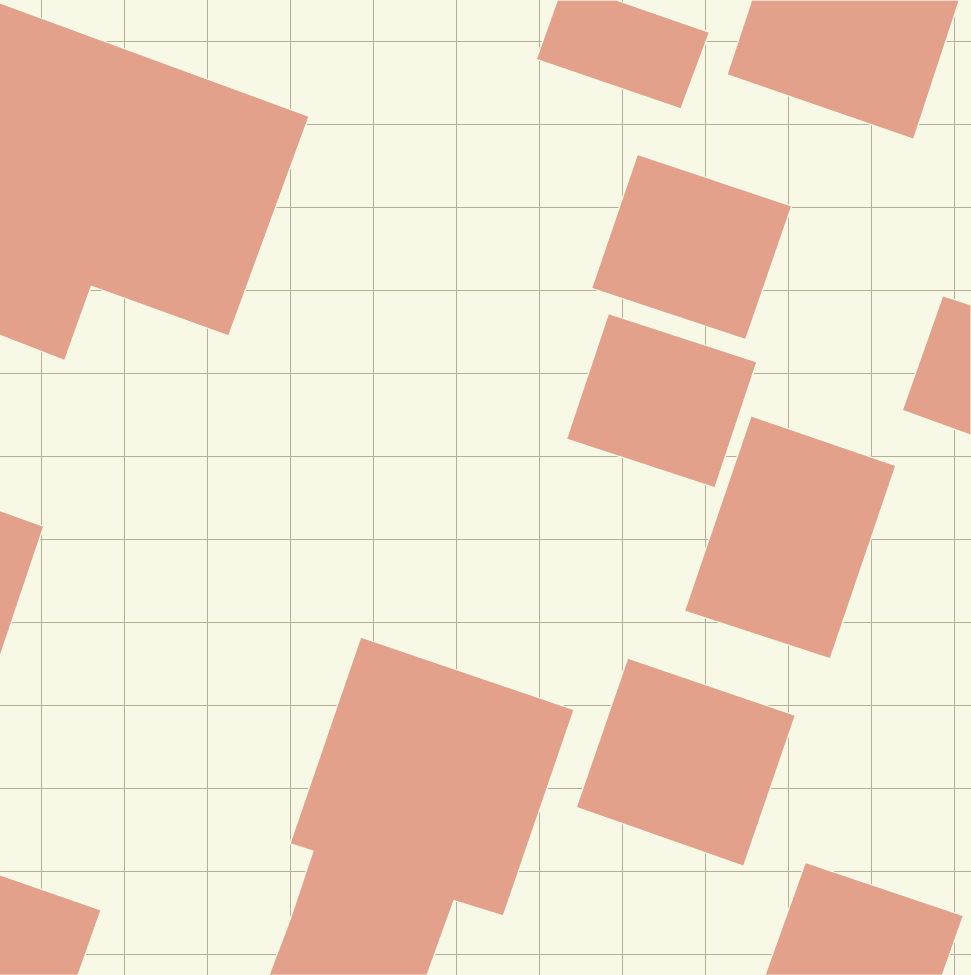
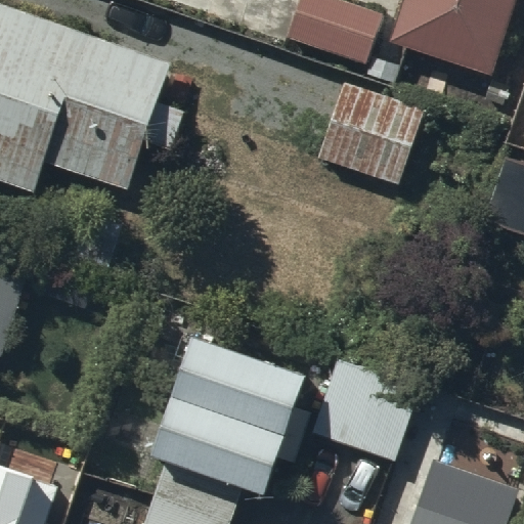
building: [566,313,757,488] -> none
building: [684,416,896,659] -> none

